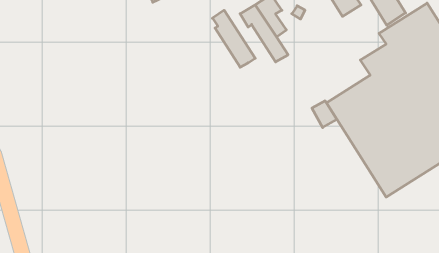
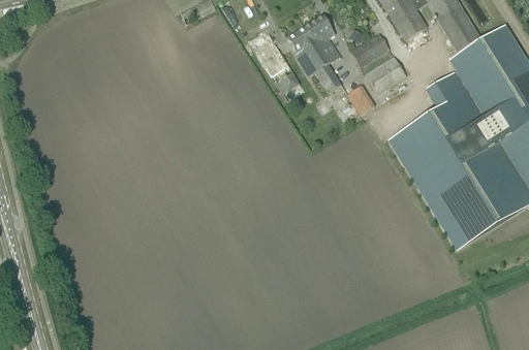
building: none -> [350,32,390,67]
building: none -> [365,56,407,93]
building: [312,101,337,128] -> [346,84,375,115]

